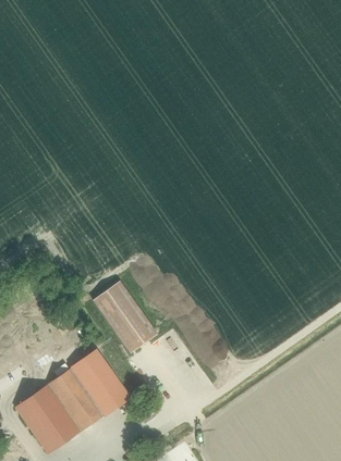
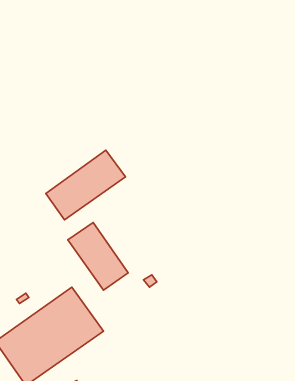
building: none -> [46,150,126,220]

